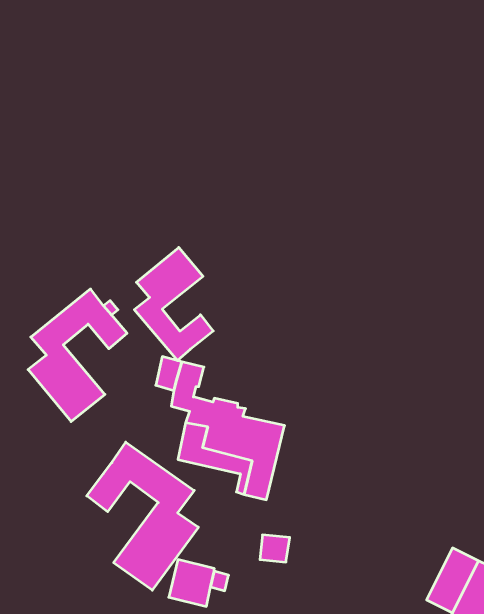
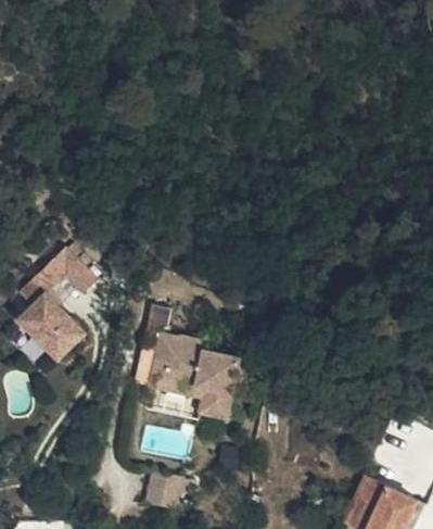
building: [134,247,213,361] -> none
building: [87,442,198,590] -> none

